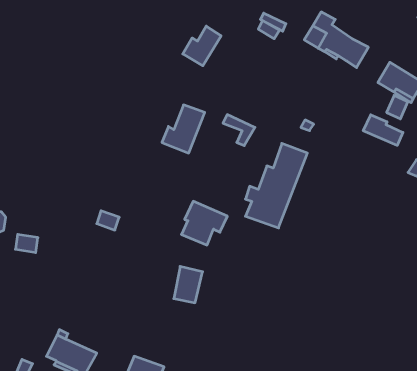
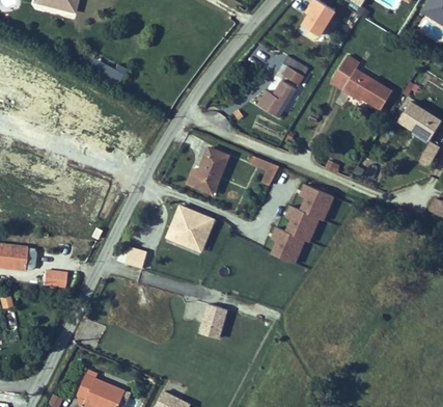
building: [183,26,221,66] -> [258,77,296,115]
building: [363,115,403,145] -> none
building: [181,201,227,245] -> [171,204,216,246]

